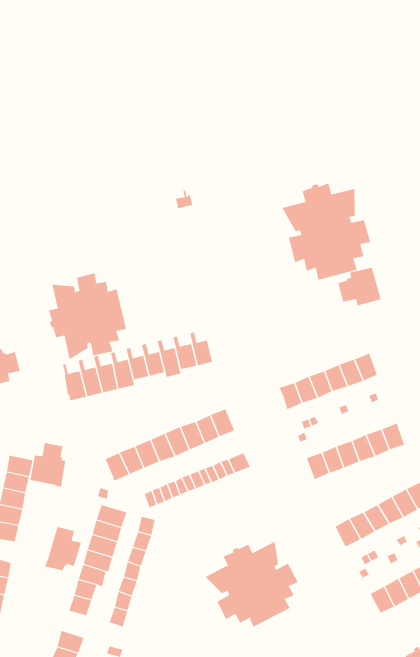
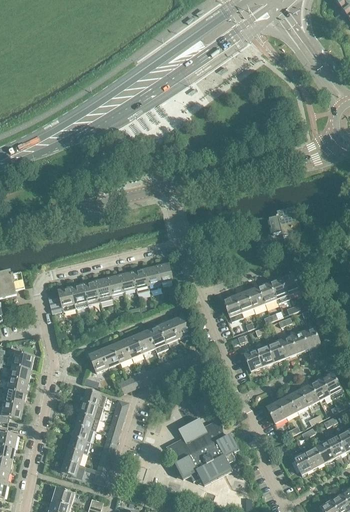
building: [282,181,371,281] -> none
building: [47,273,126,360] -> none
building: [30,442,66,488] -> none
building: [44,526,82,571] -> none

